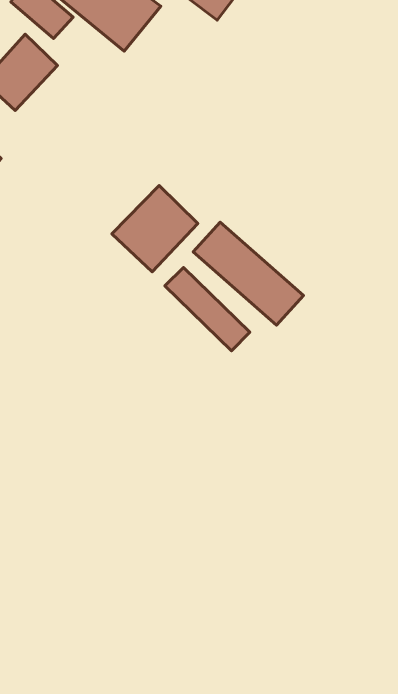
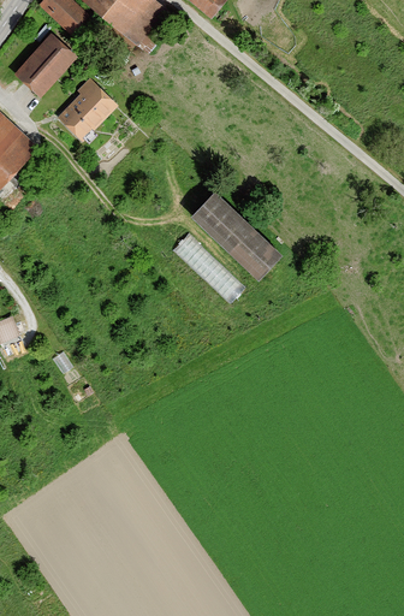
building: none -> [54,79,118,142]
building: [112,186,198,272] -> none

